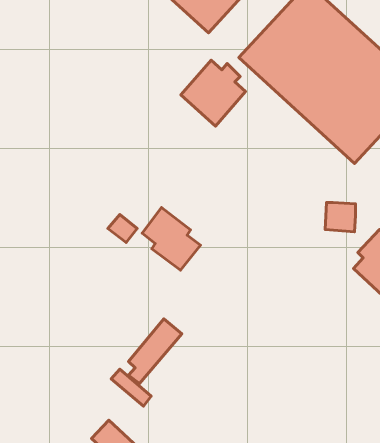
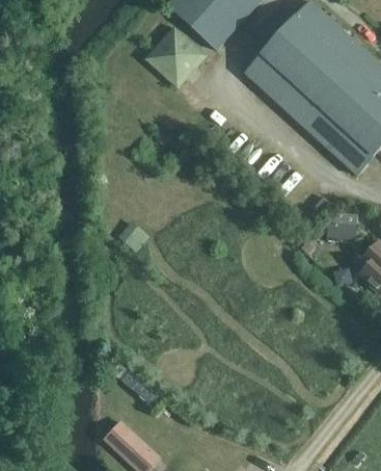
building: [181,60,246,126] -> [144,24,207,87]
building: [142,207,200,270] -> none
building: [128,319,182,384] -> none

